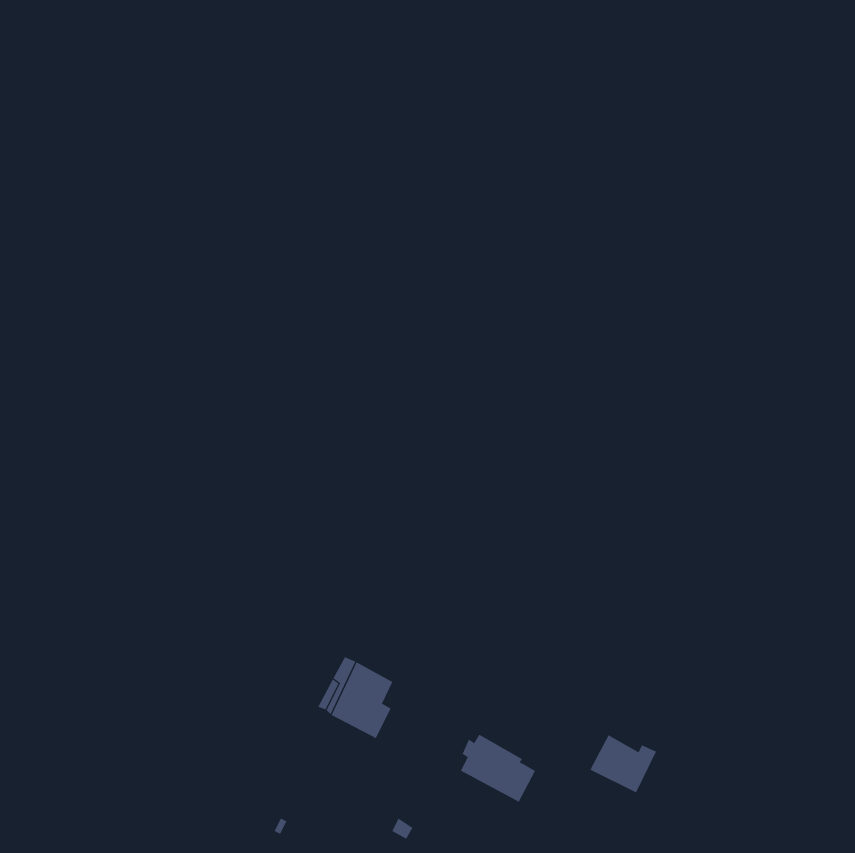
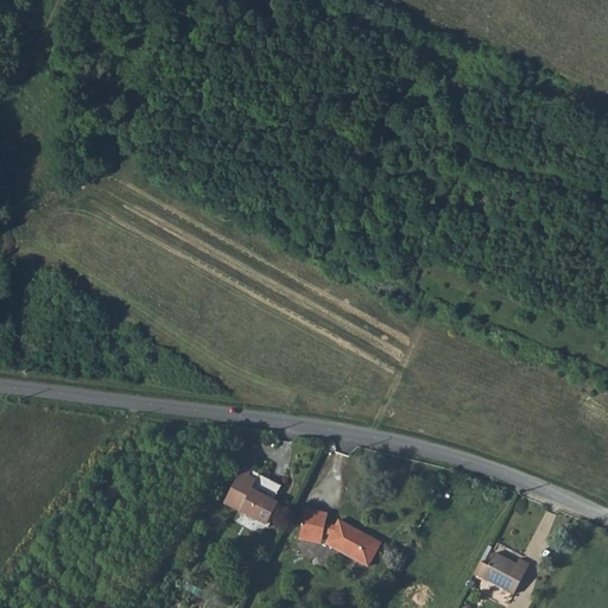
building: none -> [300,505,331,537]
building: [590,735,657,793] -> [480,552,527,594]

